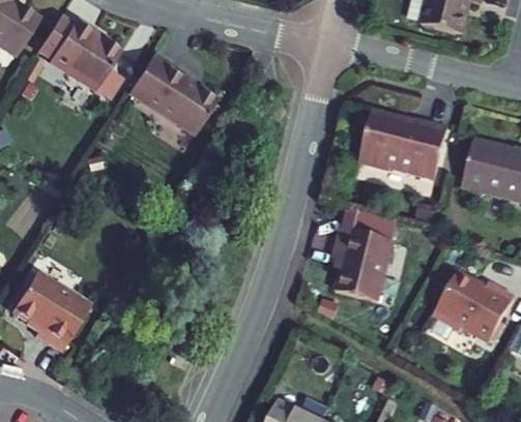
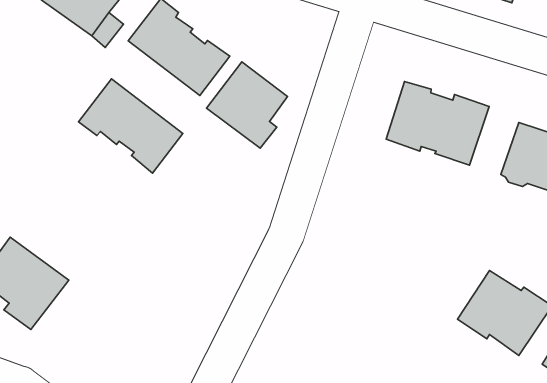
building: none -> [206,62,287,148]
building: none -> [79,79,183,173]
building: [334,208,398,301] -> none

